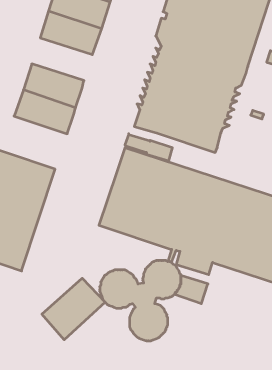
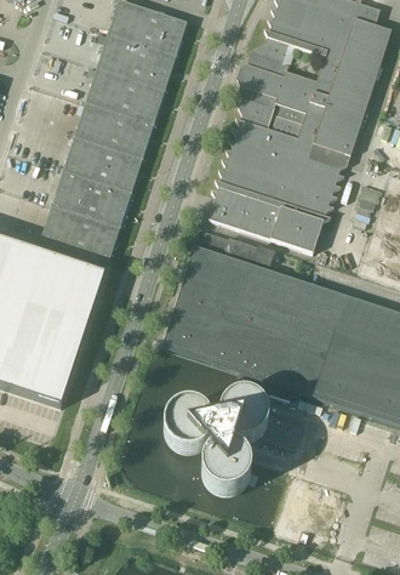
building: none -> [74,102,153,158]
building: none -> [40,204,120,261]
building: [42,278,105,340] -> none

